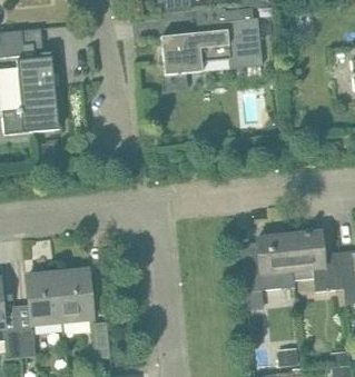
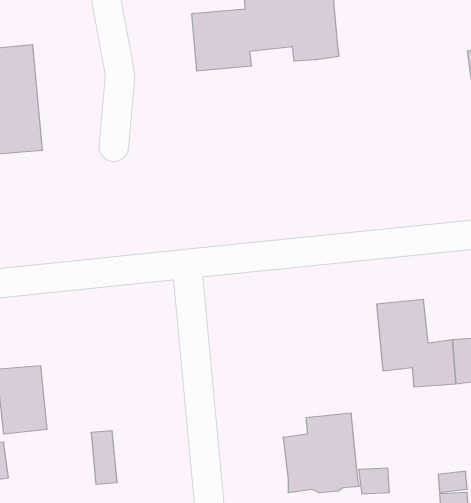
building: [240,236,293,290] -> [283,413,359,493]
building: [57,271,92,321] -> none

